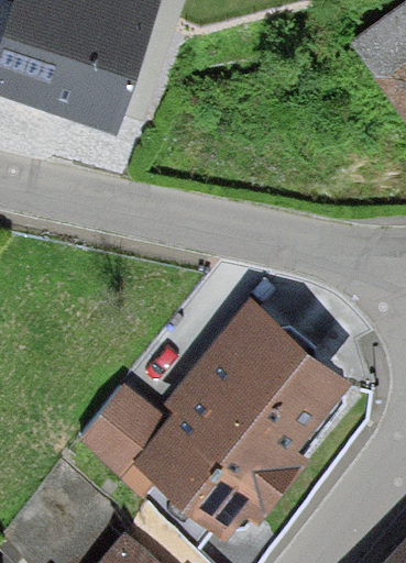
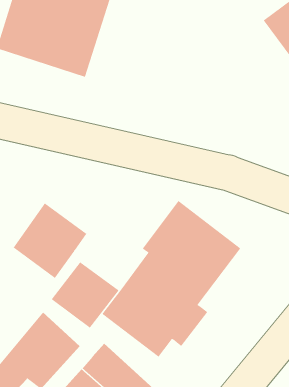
building: none -> [13,203,87,279]

